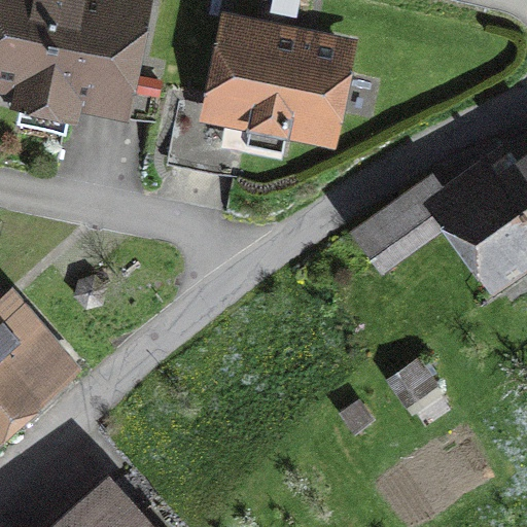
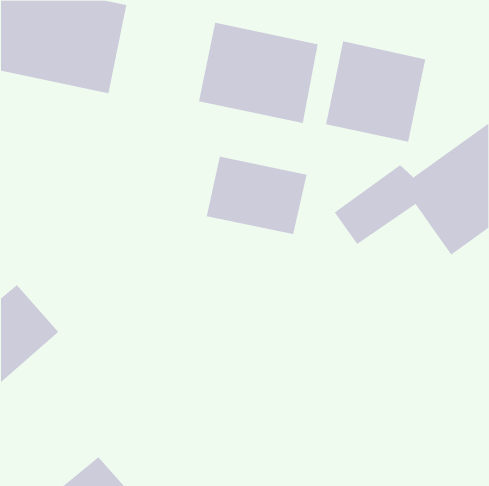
building: none -> [325,40,426,142]
building: none -> [206,156,307,235]

